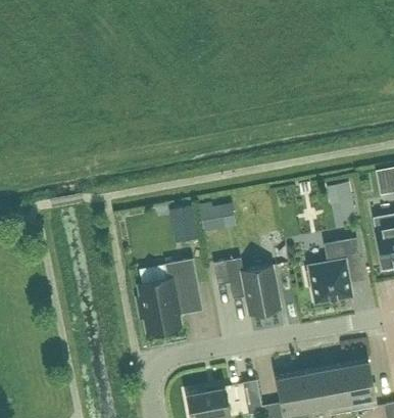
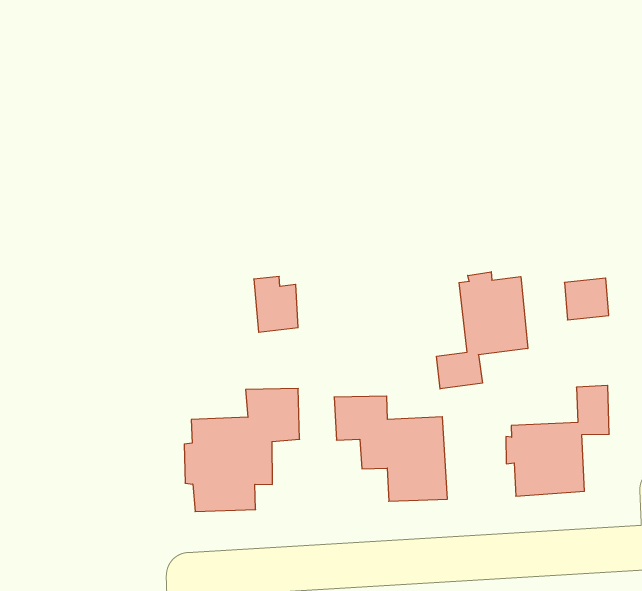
building: none -> [437,272,528,389]
building: [198,203,225,234] -> [254,277,298,332]

